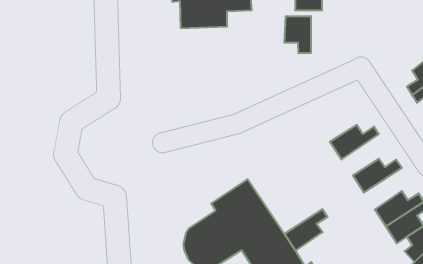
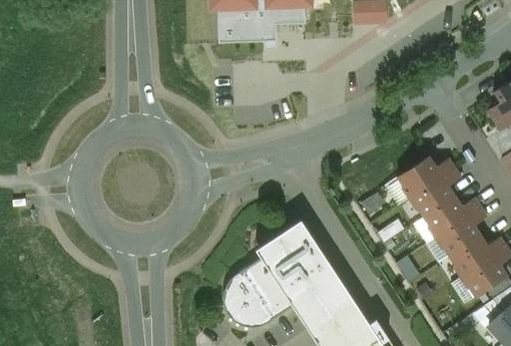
building: [285,16,311,53] -> none
building: none -> [410,167,460,217]
building: [284,209,328,251] -> [436,208,487,257]

